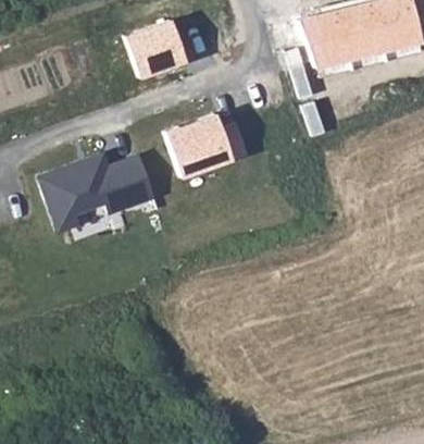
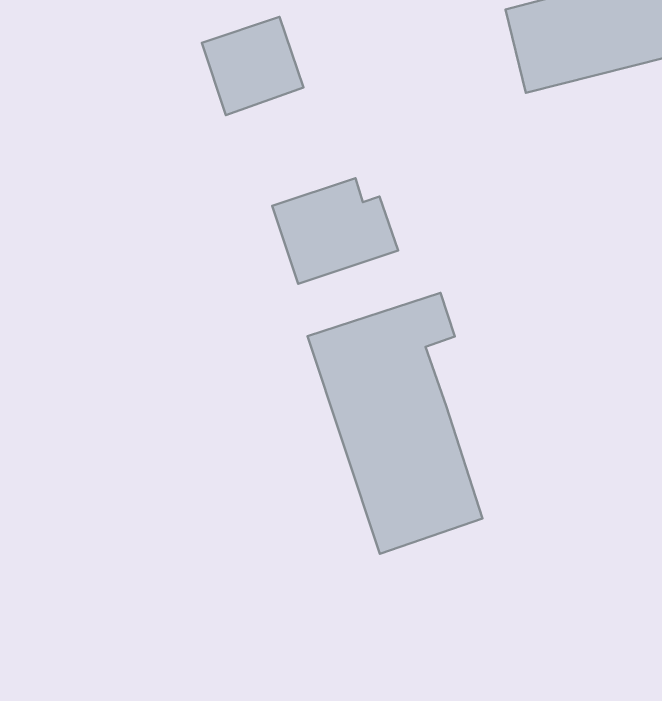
building: [49,152,159,226] -> none
building: none -> [308,293,482,554]

